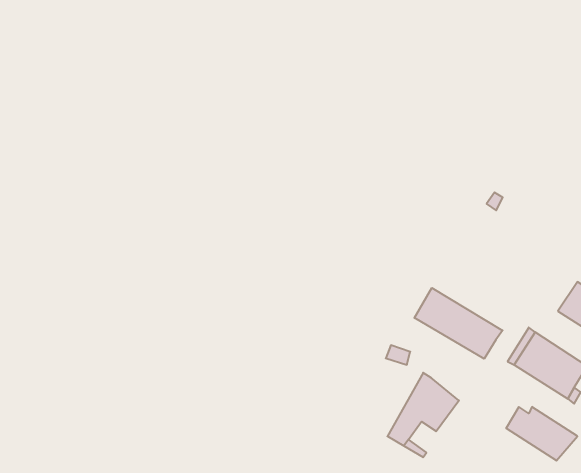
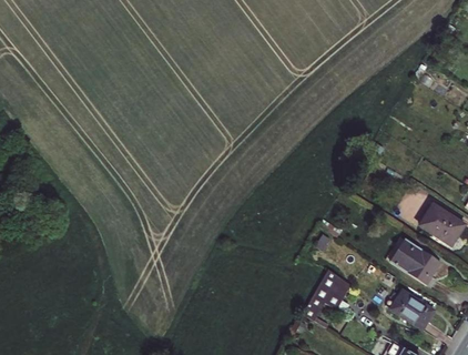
building: [414,288,503,359] -> none

